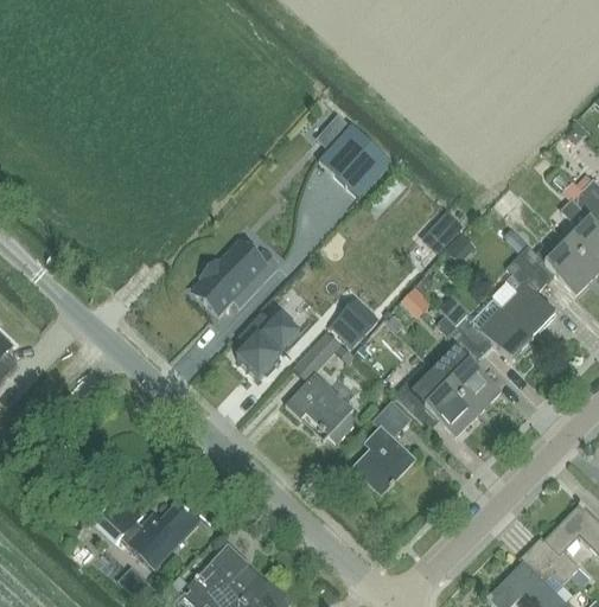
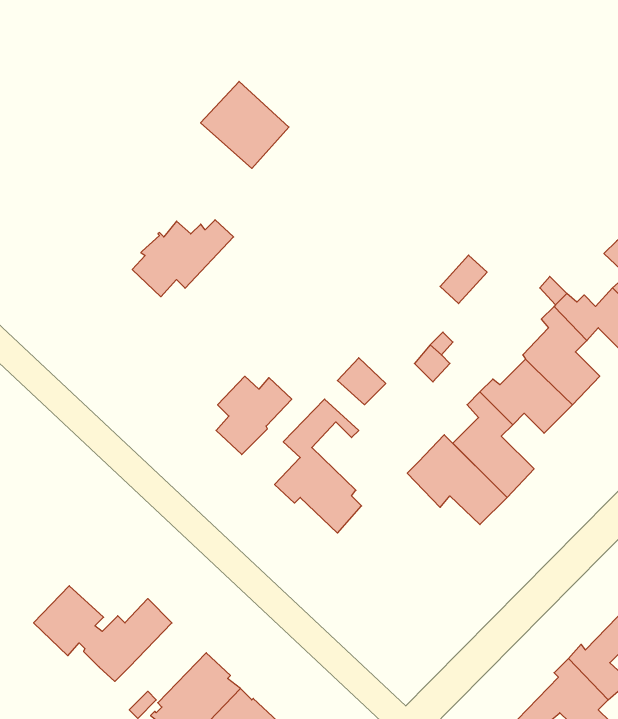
building: [317,127,390,199] -> [201,81,289,168]
building: [195,253,279,317] -> [132,220,234,297]
building: [352,402,414,496] -> none

